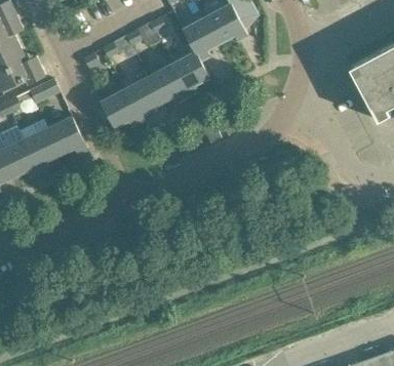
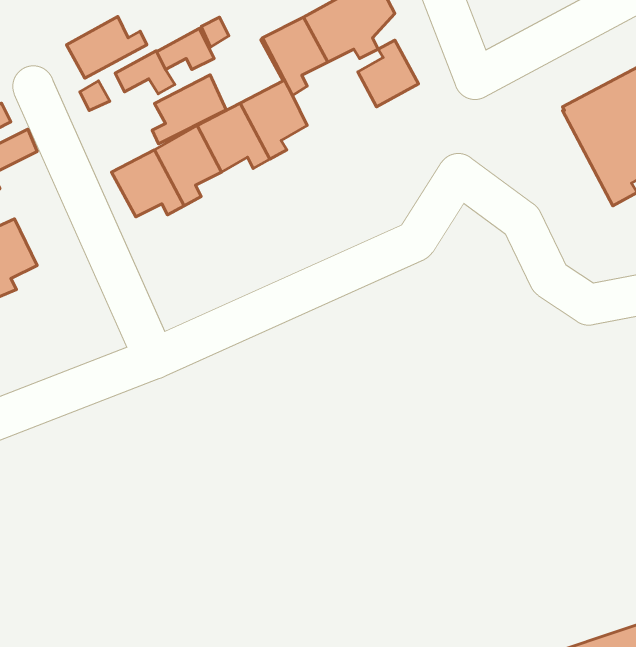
building: none -> [66,17,147,78]
building: none -> [358,40,418,107]
building: none -> [152,75,226,144]
building: [47,117,87,154] -> none

